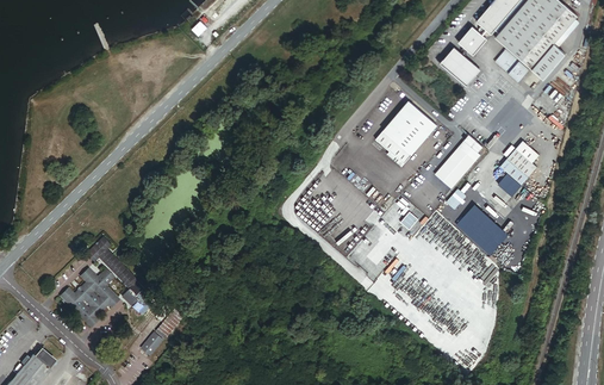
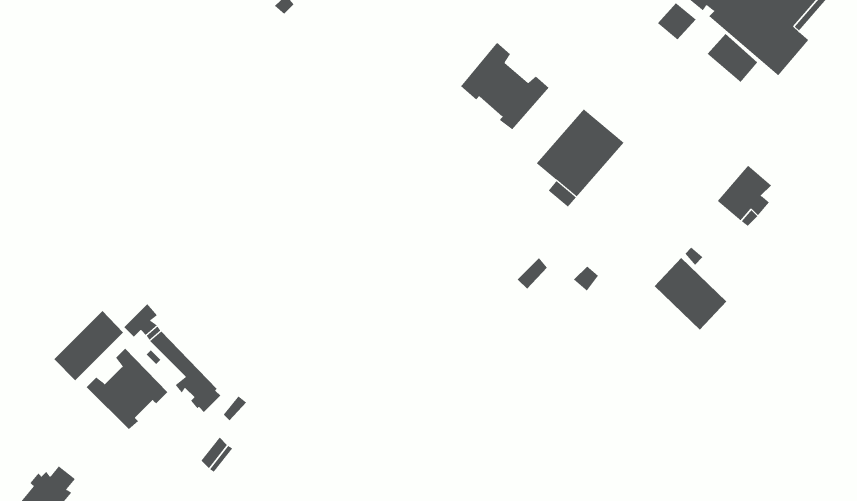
building: [441,48,479,85] -> none
building: none -> [460,42,550,130]
building: [435,142,479,188] -> none
building: none -> [54,310,124,381]

